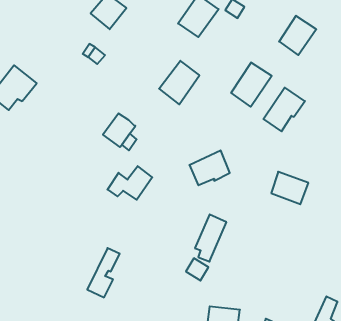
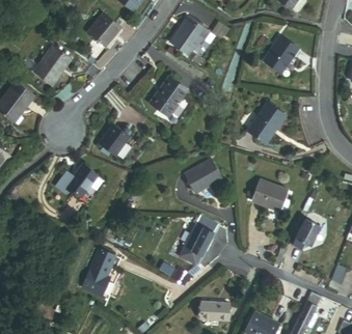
building: none -> [36,48,74,87]
building: [231,62,272,107] -> none
building: [107,166,152,200] -> [58,164,100,195]
building: none -> [290,219,316,250]

